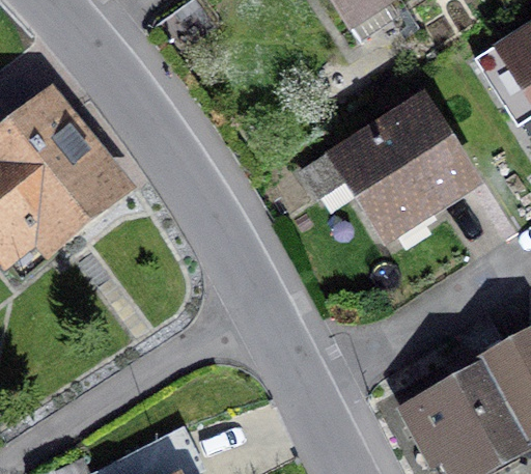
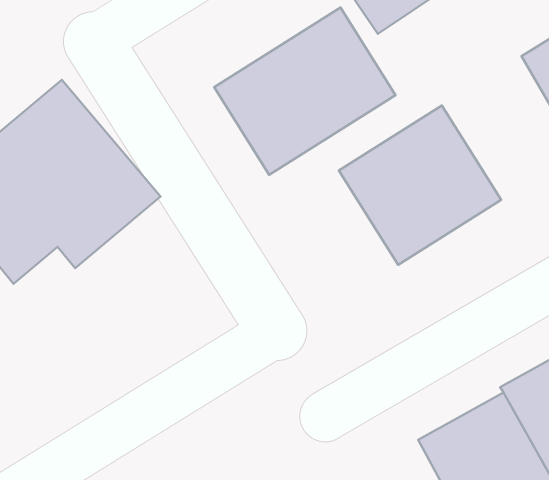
building: none -> [214,7,396,175]

